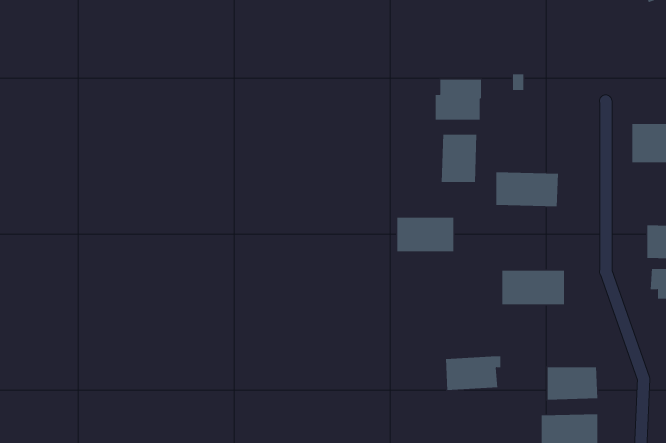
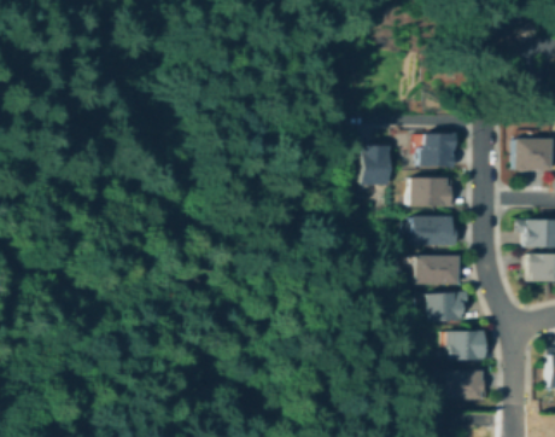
building: [435,79,482,120] -> [419,135,456,168]
building: [397,217,454,252] -> [405,216,451,244]
building: [445,356,501,390] -> [421,293,466,321]

